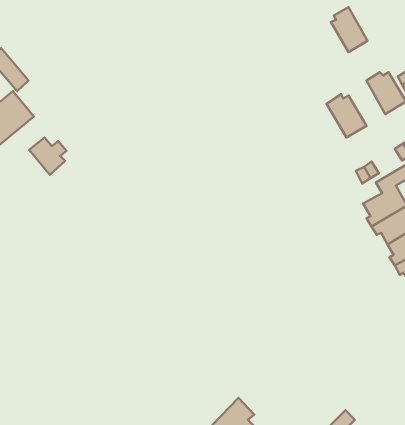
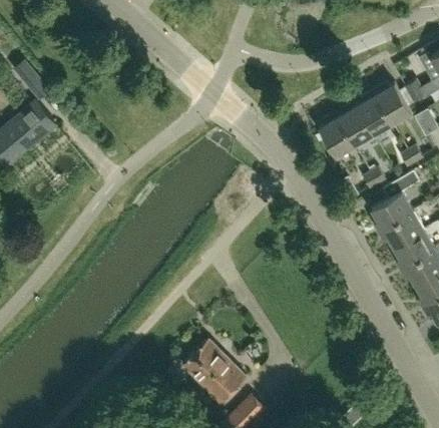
building: [331,7,367,52] -> [356,91,391,134]
building: none -> [318,113,354,156]
building: [29,138,66,175] -> none
building: none -> [181,340,246,403]

